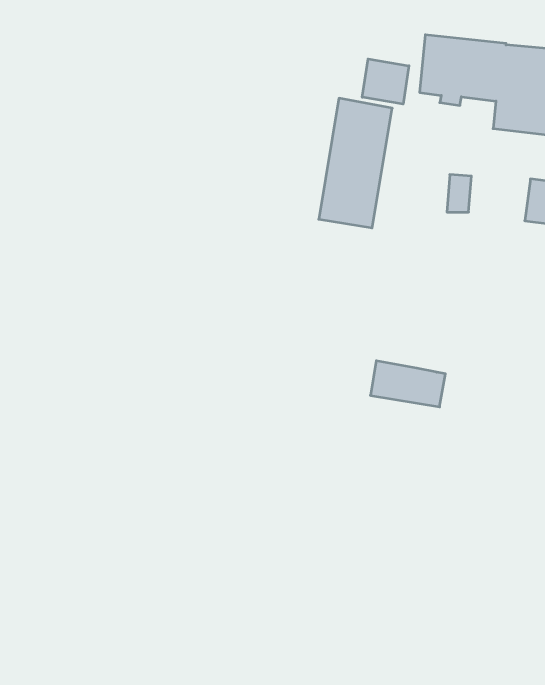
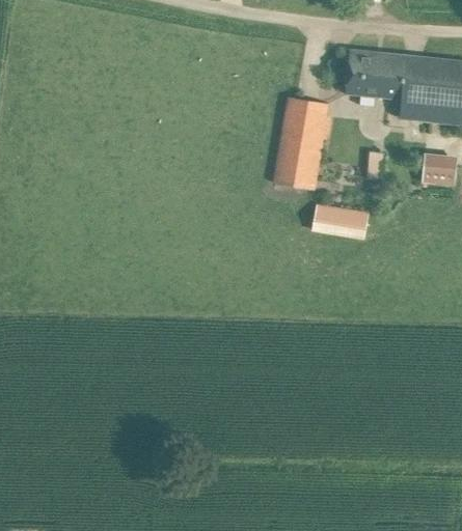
building: [362,59,409,104] -> none
building: [370,361,445,407] -> [312,203,366,236]

